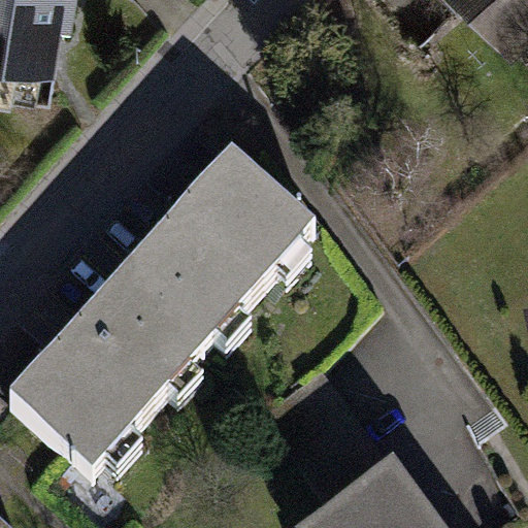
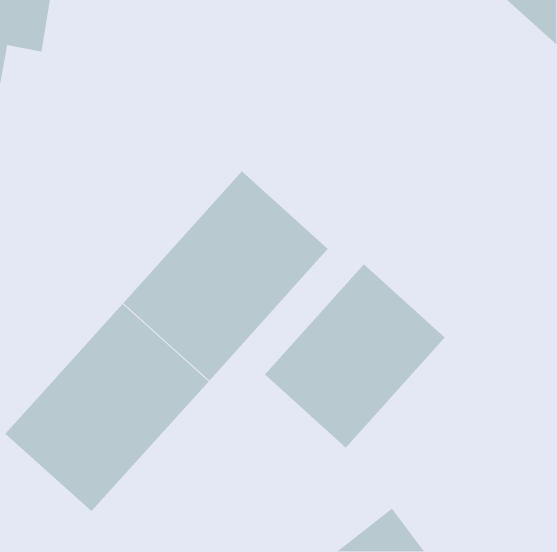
building: none -> [264,264,445,448]

